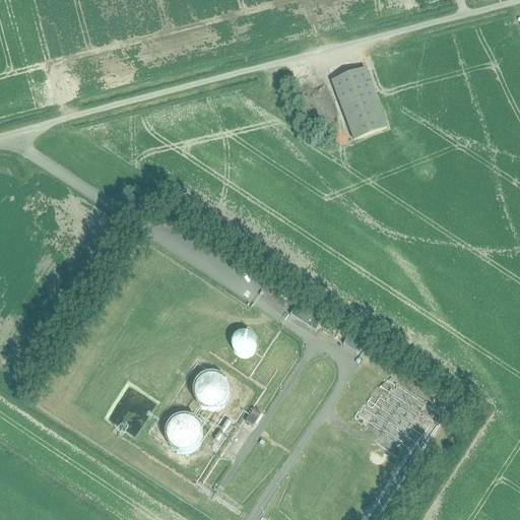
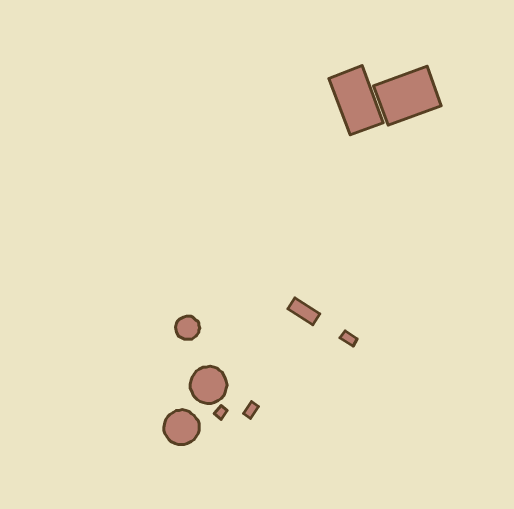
building: none -> [374,66,441,125]
building: [231,328,255,351] -> [176,316,200,339]

